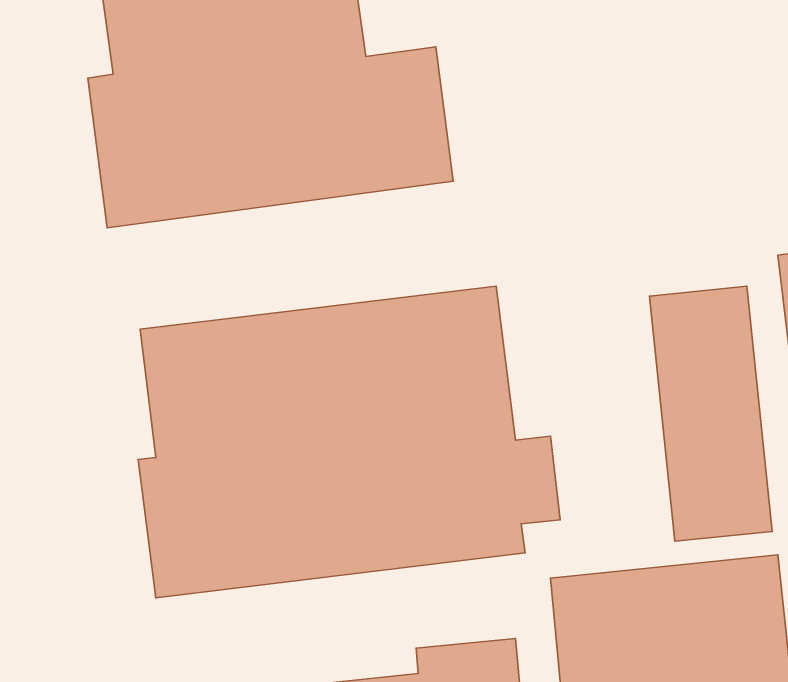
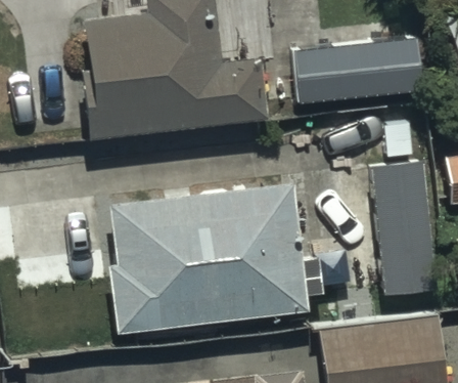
building: none -> [294,33,410,109]

